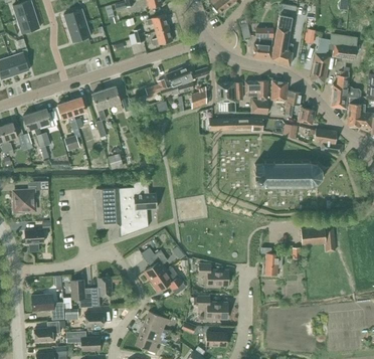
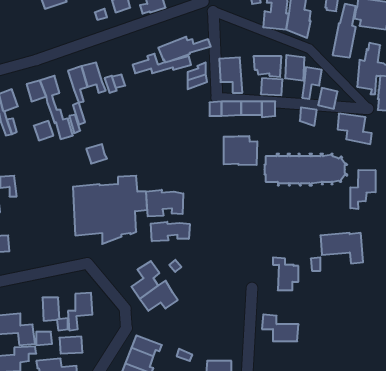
building: none -> [224,136,257,165]
building: none -> [350,170,376,209]
building: none -> [146,190,183,216]
building: none -> [151,222,190,241]
building: [198,263,228,288] -> none
building: [197,296,227,318] -> [262,314,299,341]

